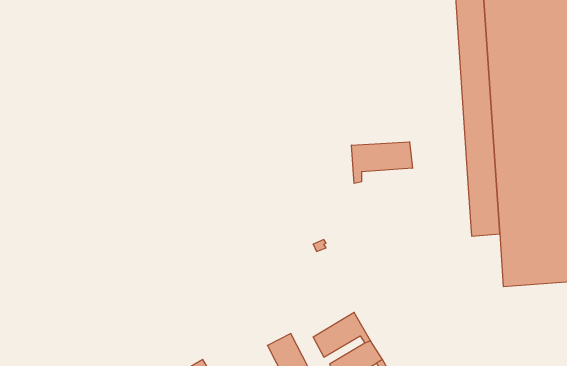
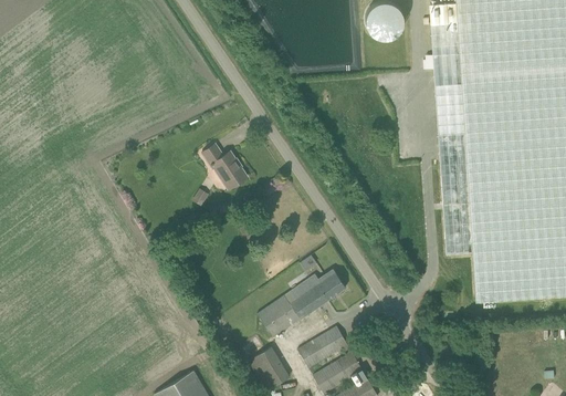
building: none -> [202,144,248,187]
building: [352,142,413,183] -> none
building: none -> [258,271,346,336]

